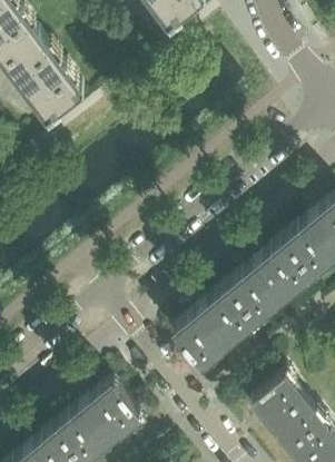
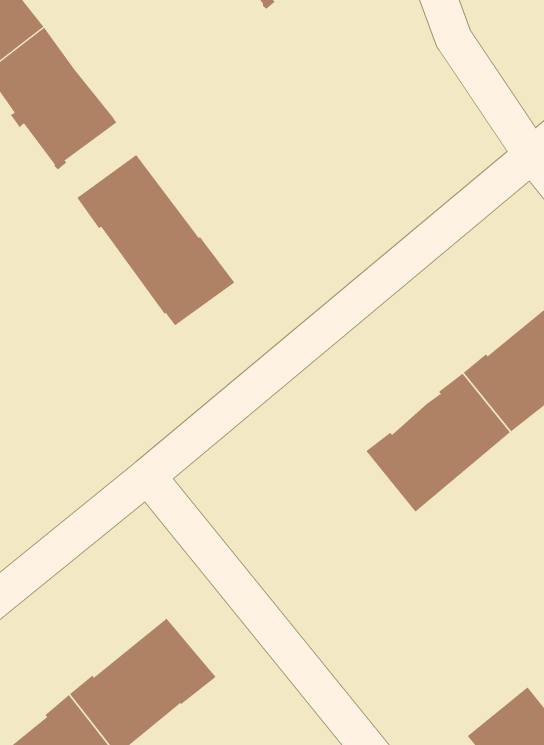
building: none -> [76,154,235,326]
building: [174,287,257,370] -> none
building: [250,379,323,453] -> none

